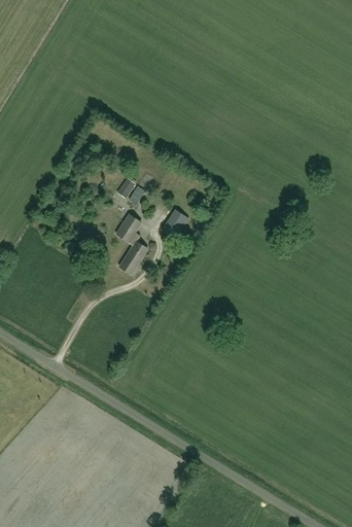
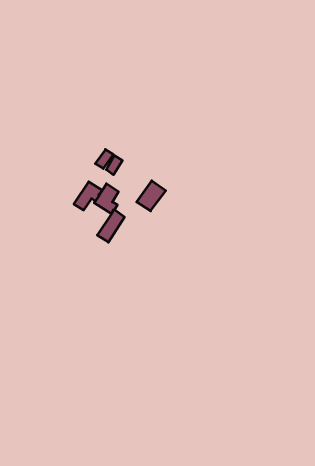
building: none -> [74,182,102,210]

